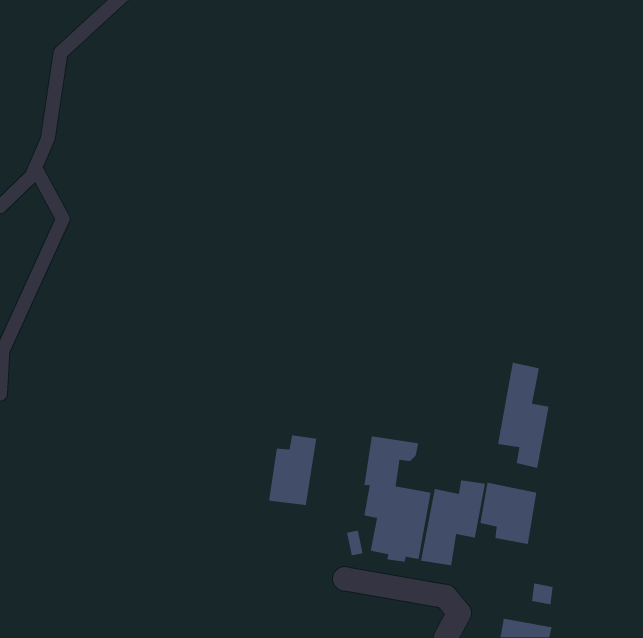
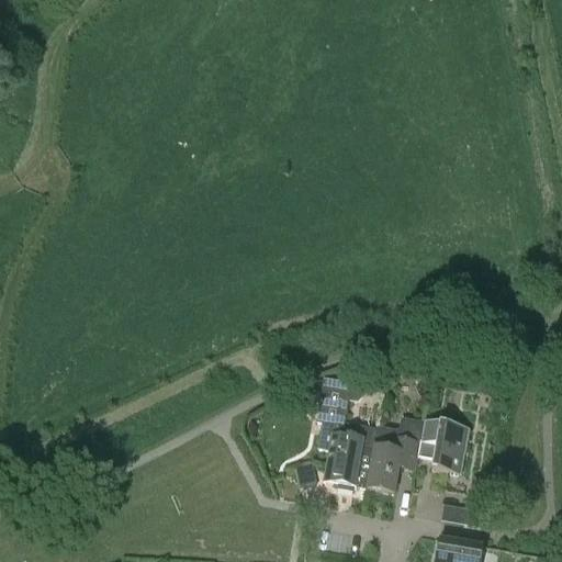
building: [497,362,550,469] -> none
building: [268,435,317,506] -> none

